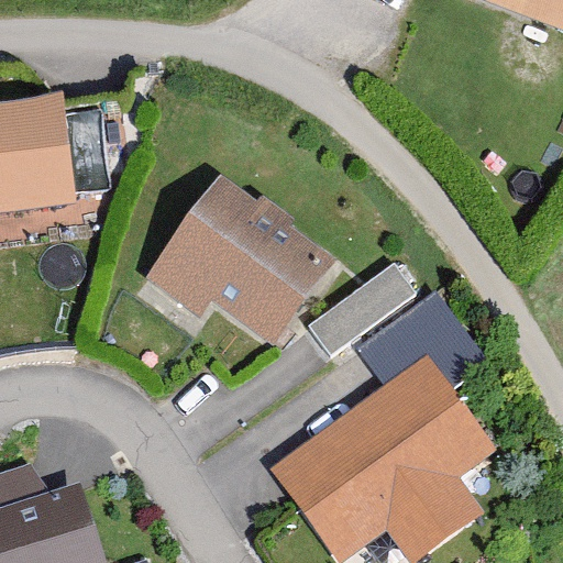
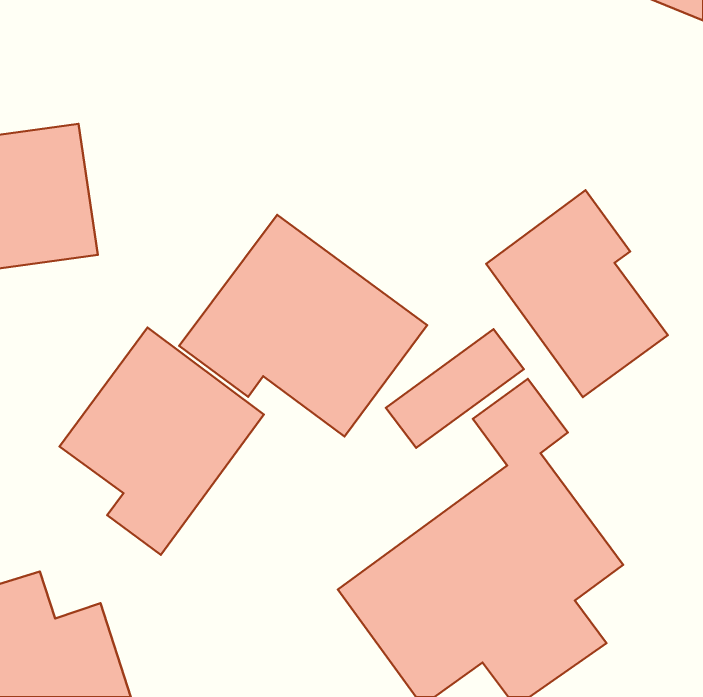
building: none -> [486,190,668,397]
building: none -> [59,328,264,555]

